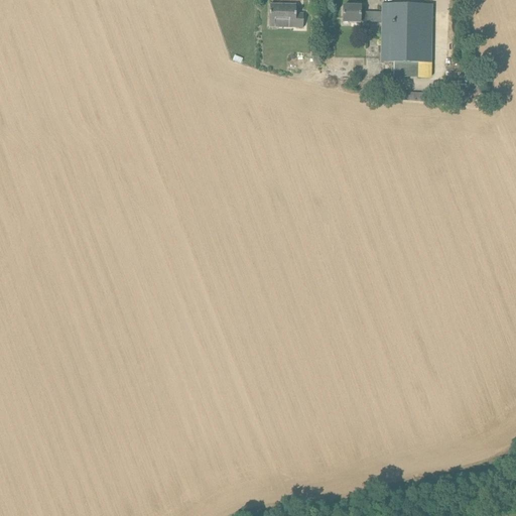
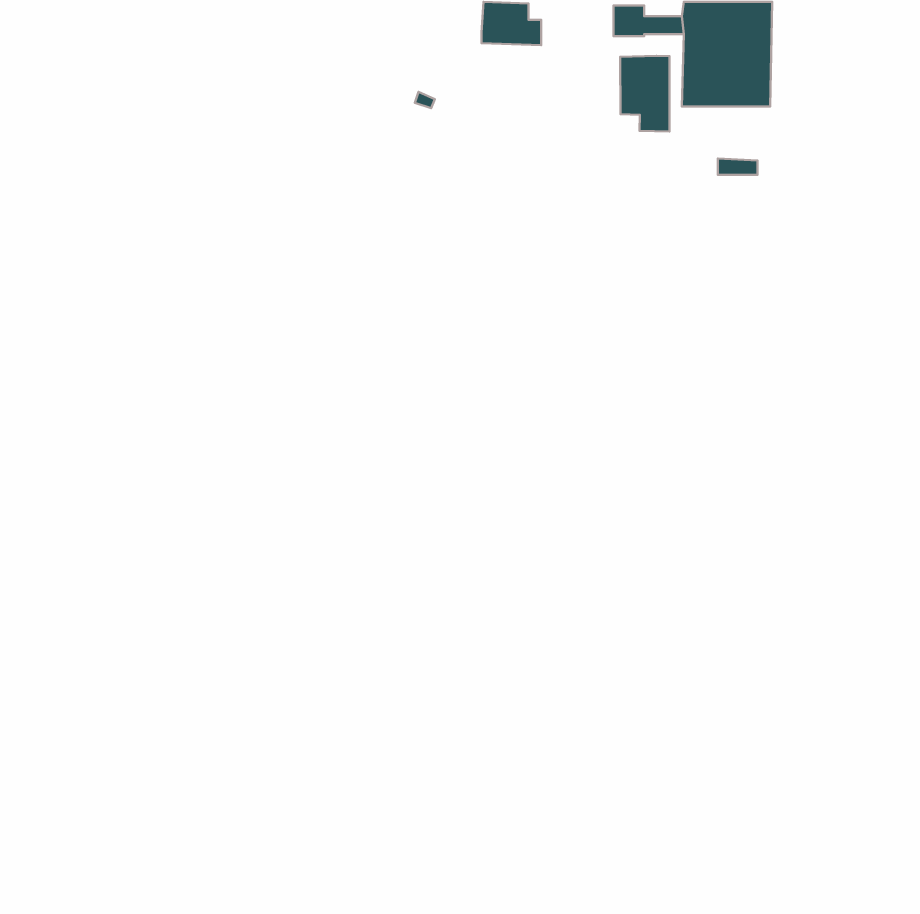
building: none -> [620,56,669,132]

